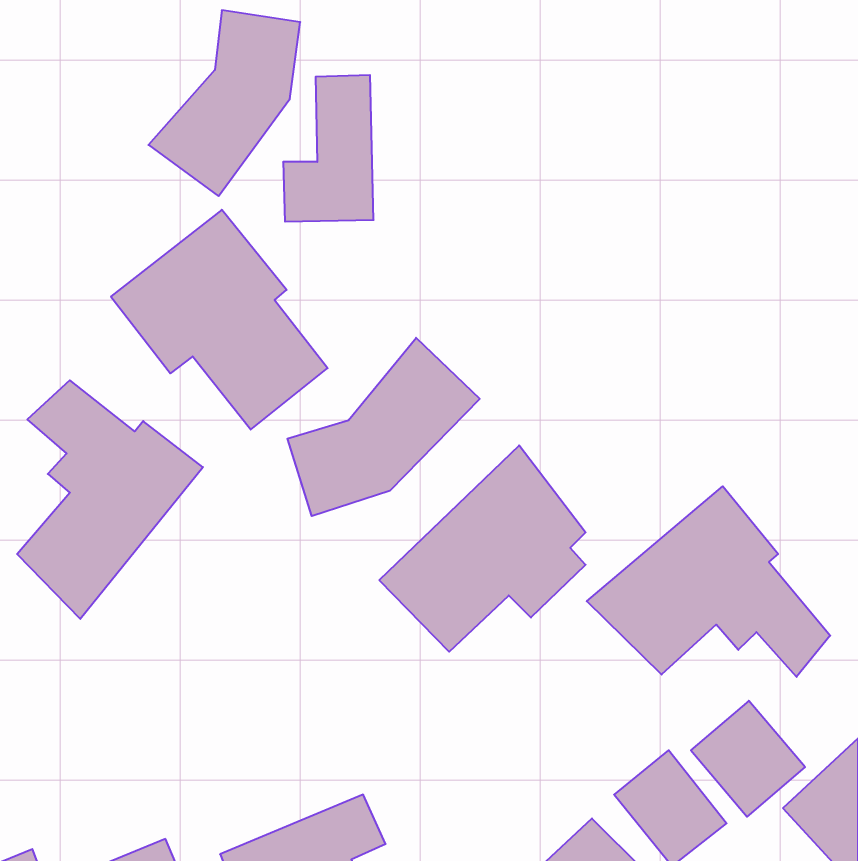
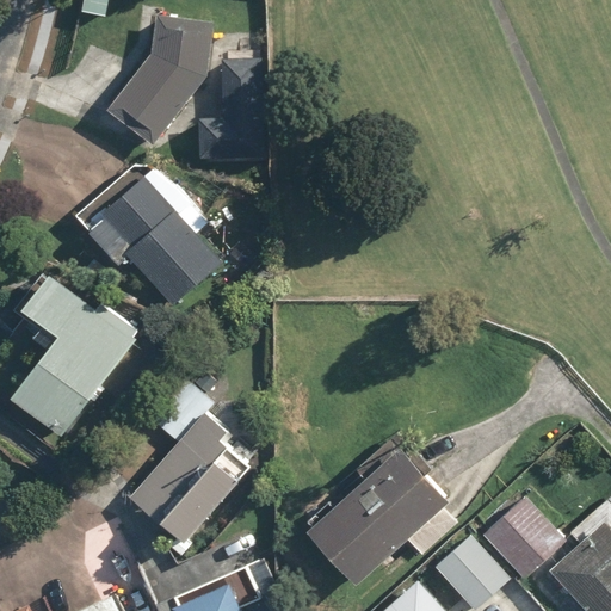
building: [287,338,480,516] -> none
building: [379,445,586,652] -> [308,439,452,584]
building: [587,486,830,677] -> none
building: none -> [125,371,251,548]

